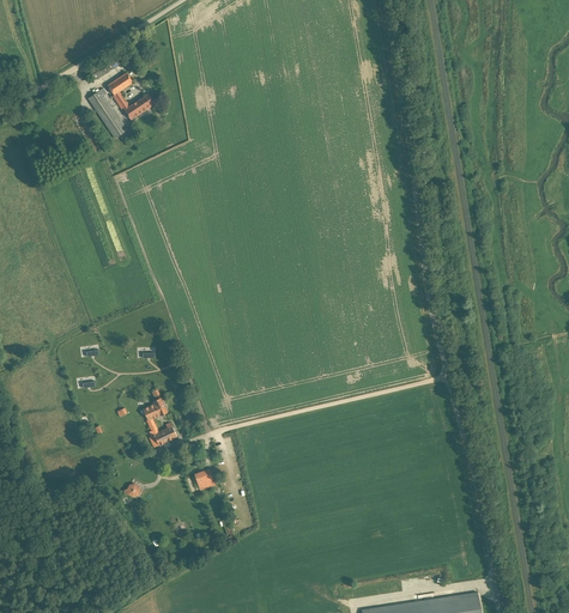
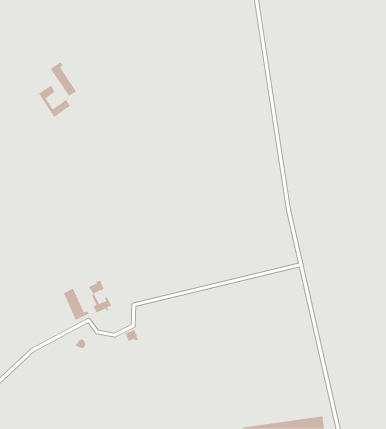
building: [108,73,155,120] -> [38,85,71,118]
building: none -> [63,288,89,320]

